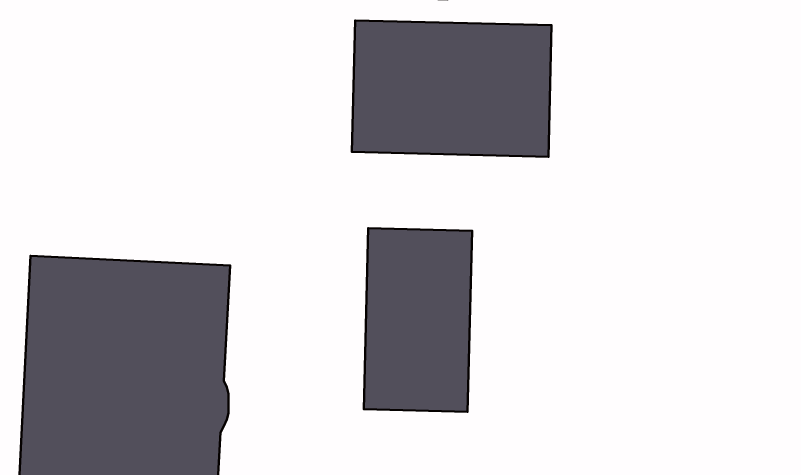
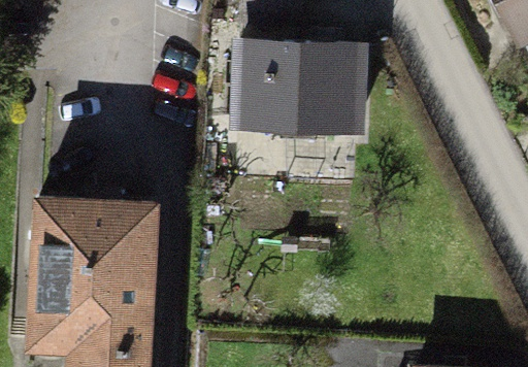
building: [364,228,472,412] -> none

